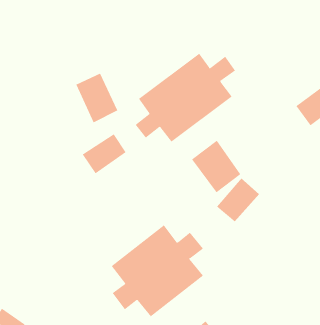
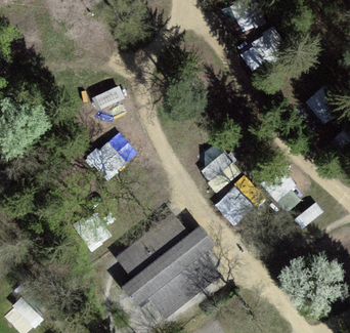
building: [135,53,236,143] -> none

